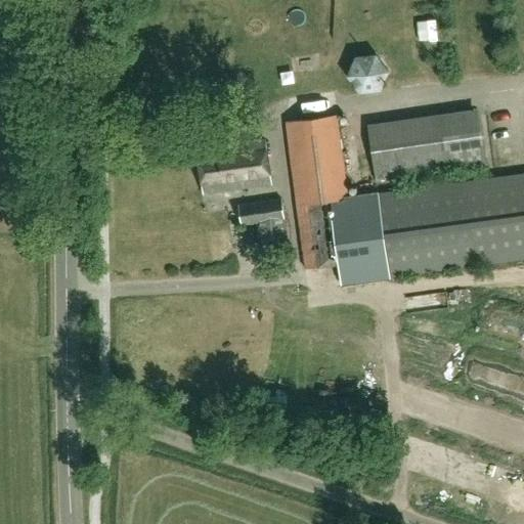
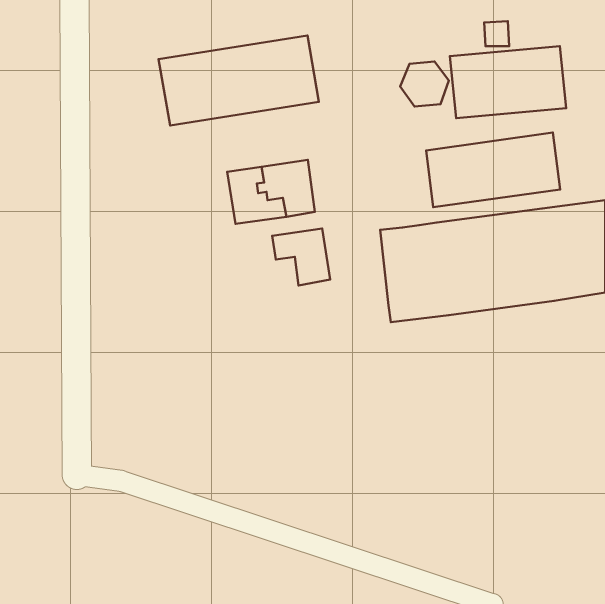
building: none -> [159,36,319,125]
building: none -> [450,46,566,118]
building: [285,114,348,268] -> none

